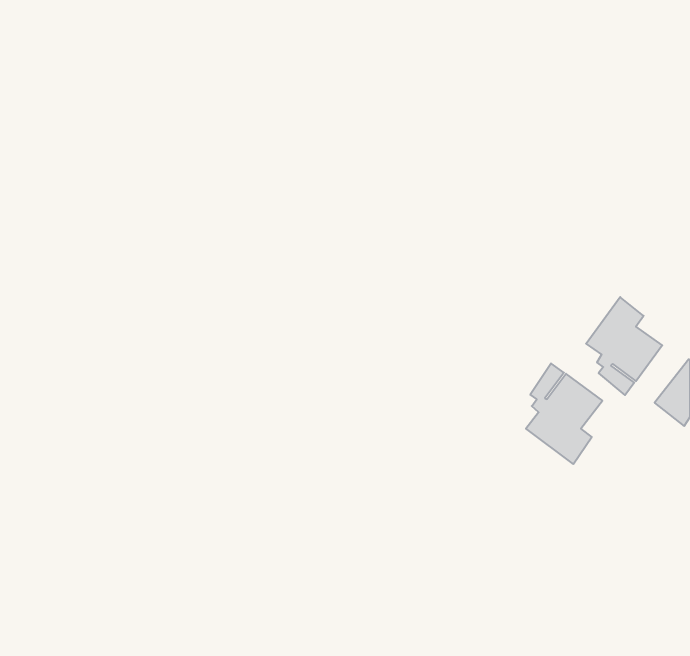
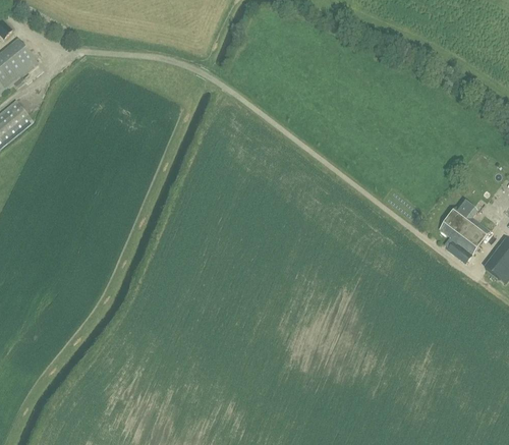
building: [526,363,602,464] -> none

